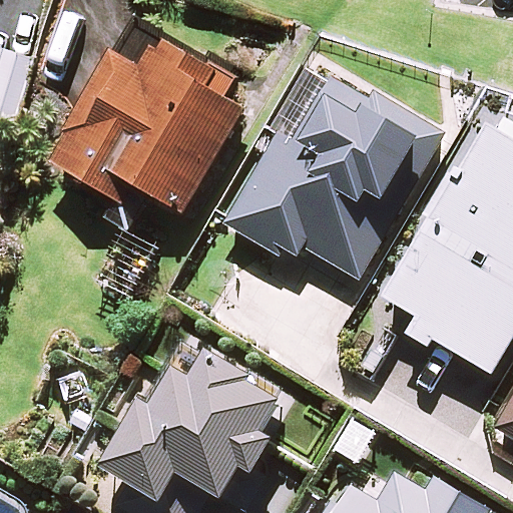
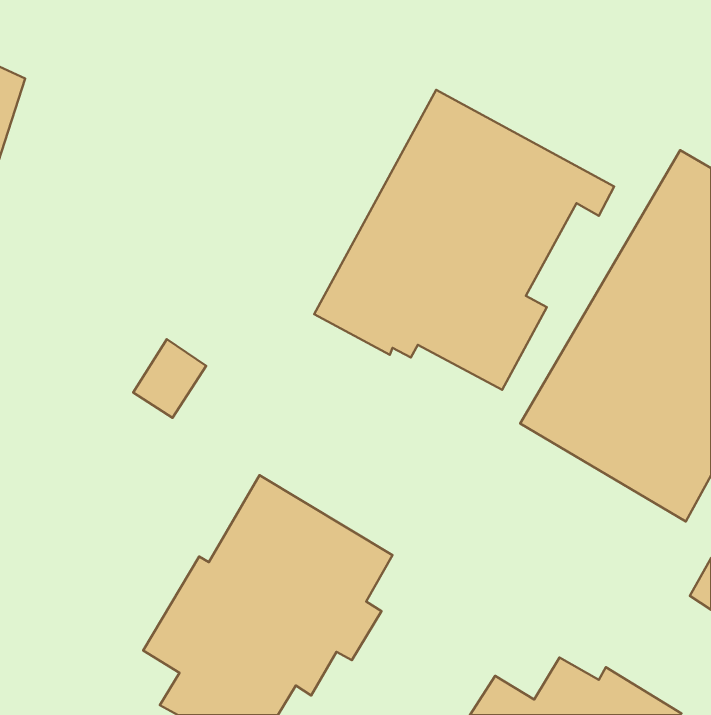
building: [50,36,240,211] -> none

